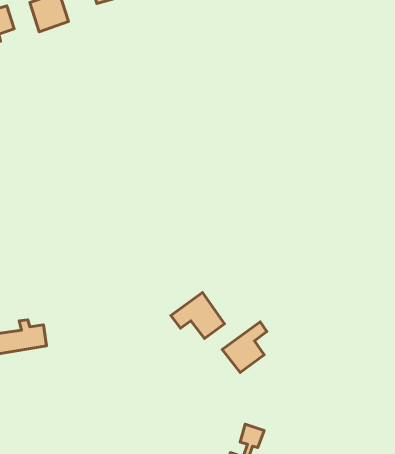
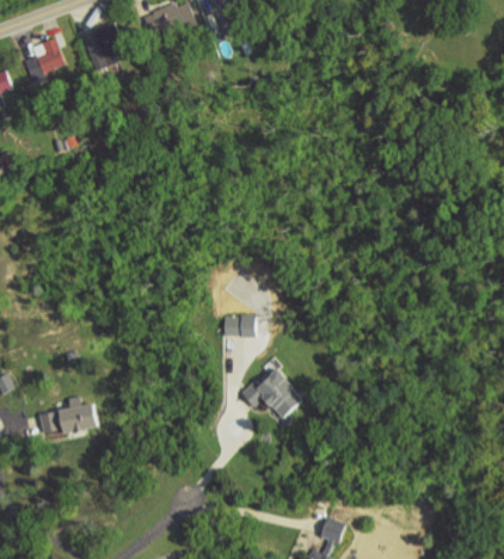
building: none -> [222,315,256,338]
building: [222,322,267,373] -> none

